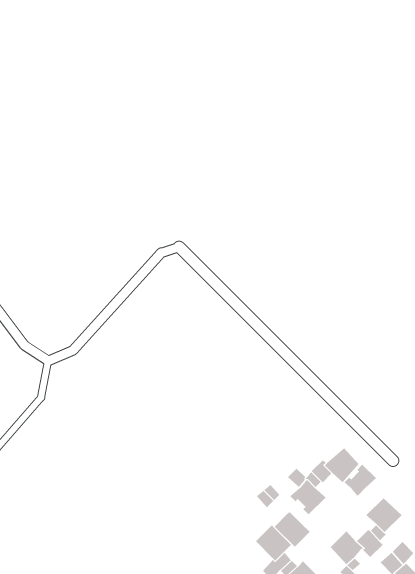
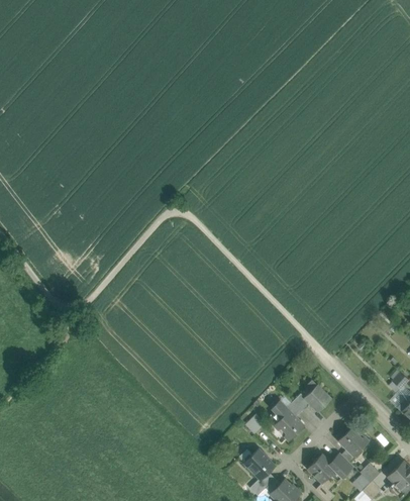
building: [343,464,377,496] -> none
building: [274,511,310,548] -> none

